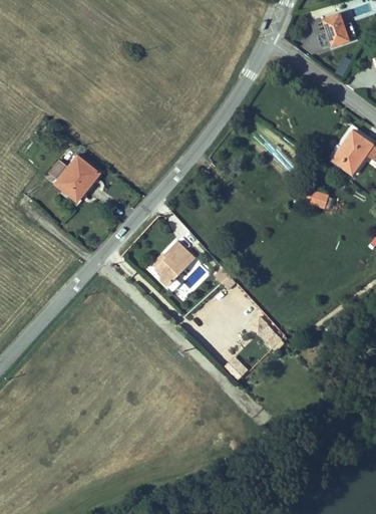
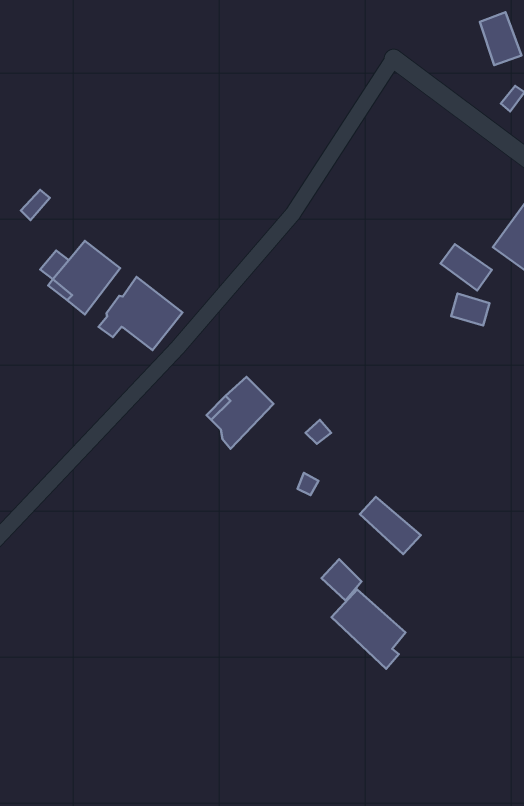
building: none -> [441,244,492,290]
building: none -> [99,277,182,350]
building: none -> [331,590,406,669]

